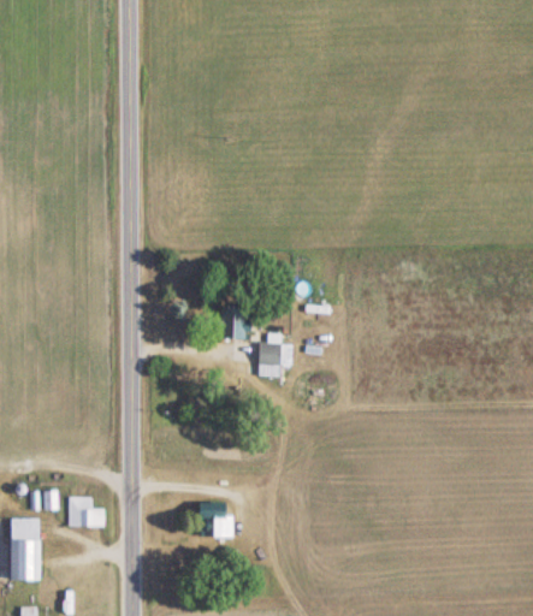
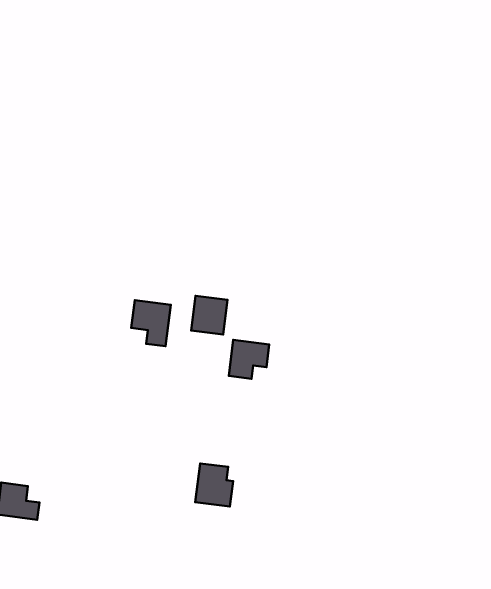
building: none -> [131,300,171,346]
building: [202,503,233,538] -> [195,463,233,506]

